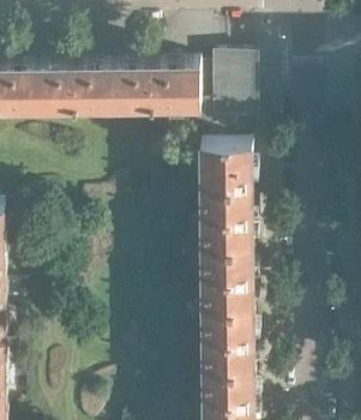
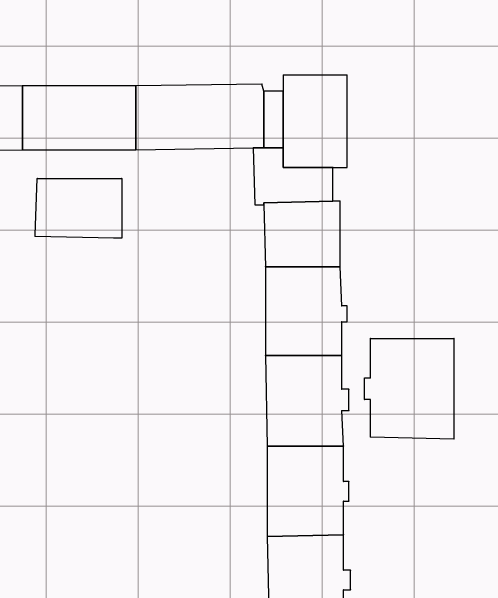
building: none -> [35,178,122,238]
building: none -> [365,338,454,439]

